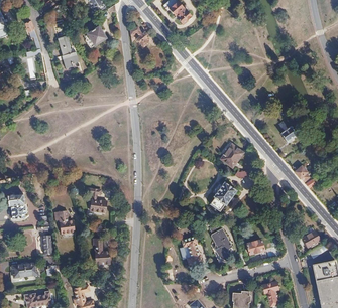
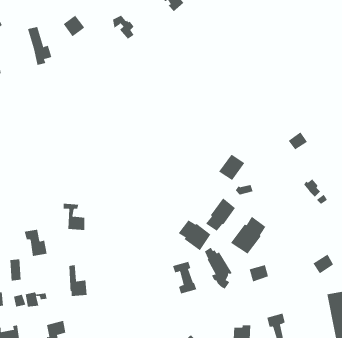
building: none -> [230,216,266,254]
building: none -> [178,219,211,251]

